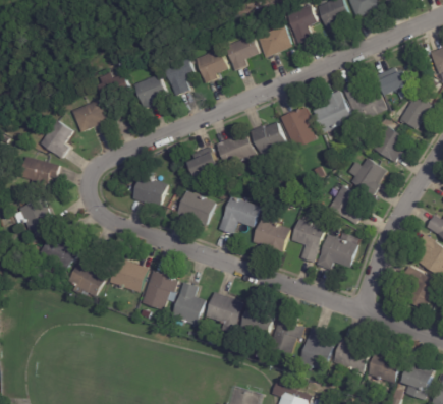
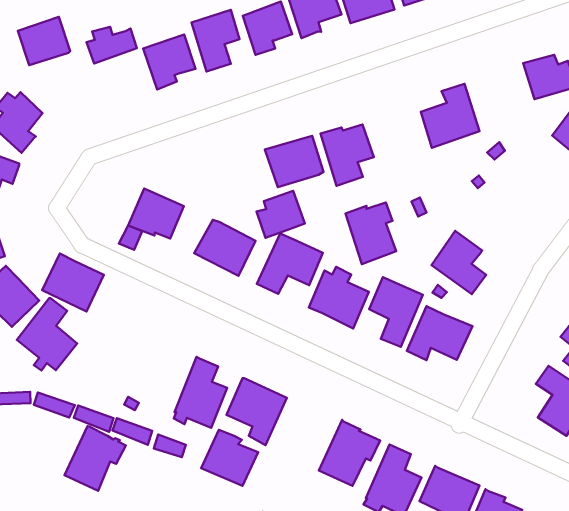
building: [343,84,387,122] -> none
building: [71,100,106,132] -> [18,17,70,65]
building: [281,108,316,149] -> [345,203,396,264]
building: [372,125,405,163] -> none
building: [188,147,220,178] -> [257,191,305,238]
building: [348,158,386,196] -> none
building: [109,256,148,292] -> [42,254,104,312]
building: [141,269,178,309] -> [64,426,126,491]
building: [239,303,275,338] -> [201,430,258,486]

